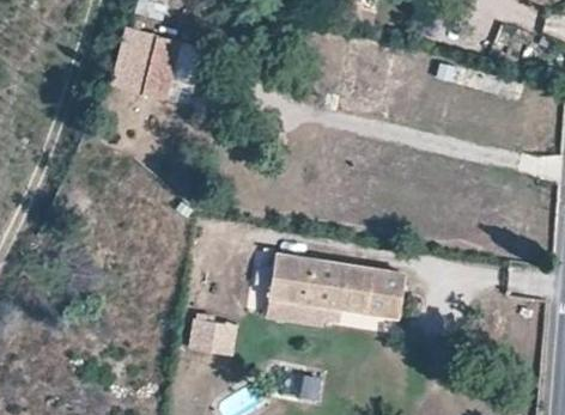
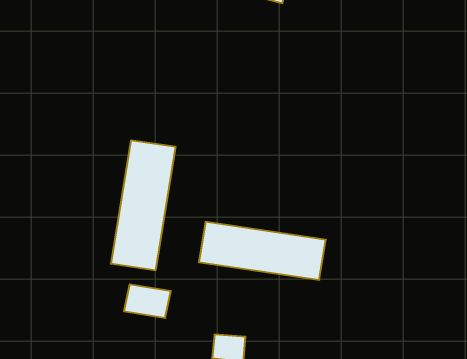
building: [113,28,181,98] -> none
building: none -> [111,140,175,270]

